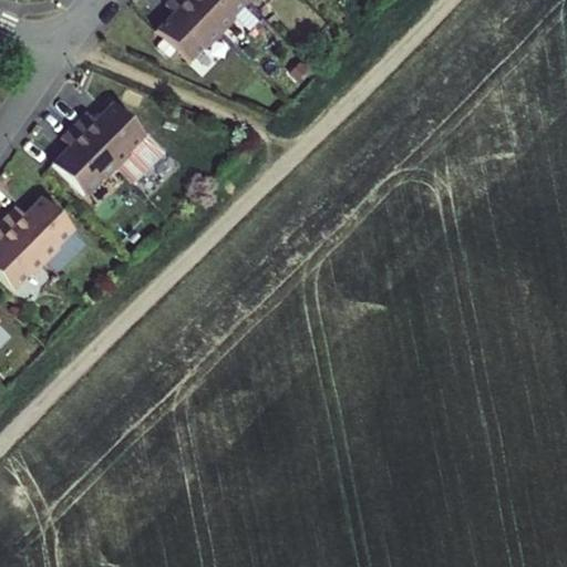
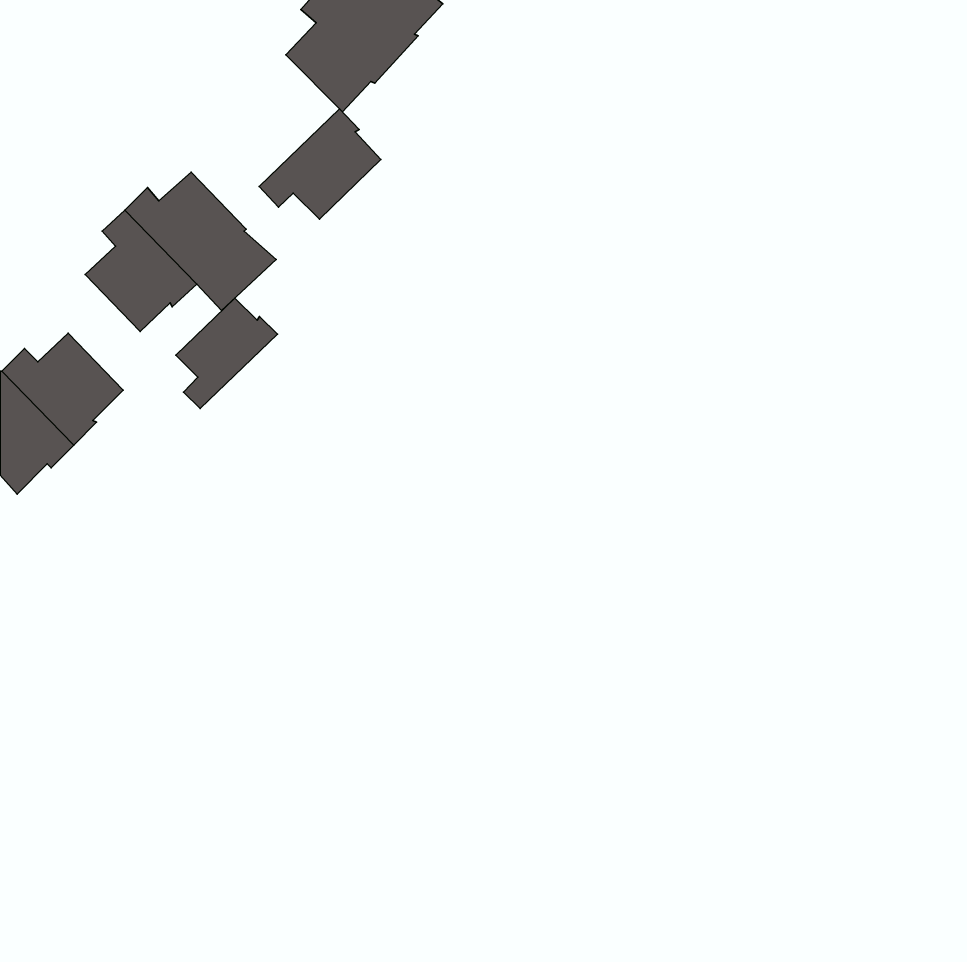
building: none -> [259,109,381,219]
building: none -> [176,298,278,408]

